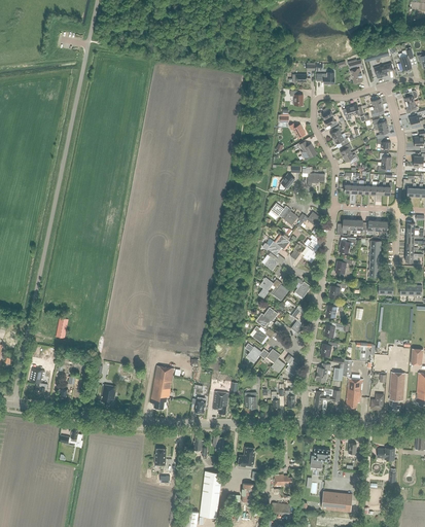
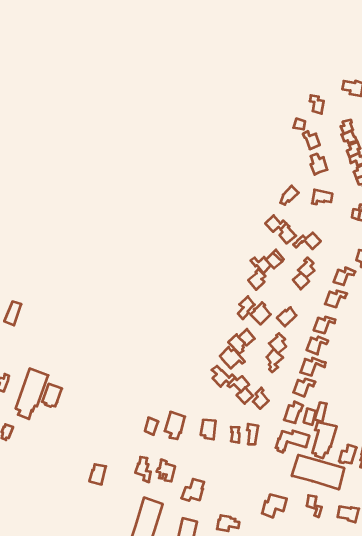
building: [150,365,174,410] -> [16,369,48,419]
building: none -> [292,455,344,489]

